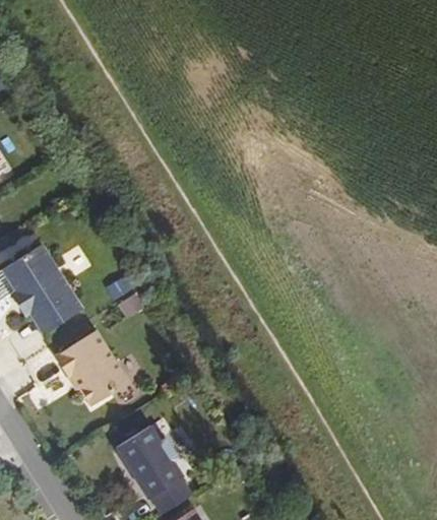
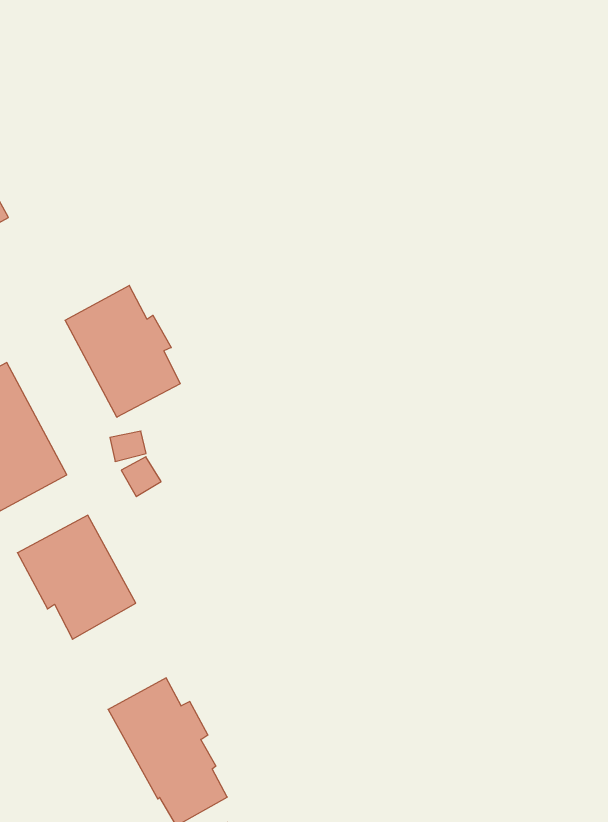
building: none -> [65,285,180,417]

